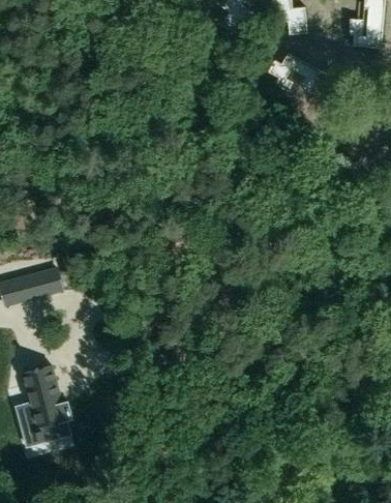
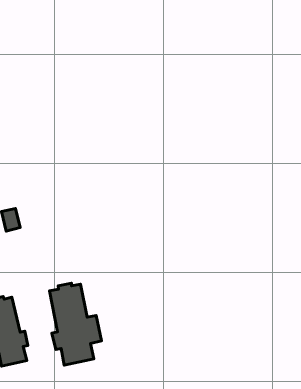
building: none -> [50,283,102,365]

